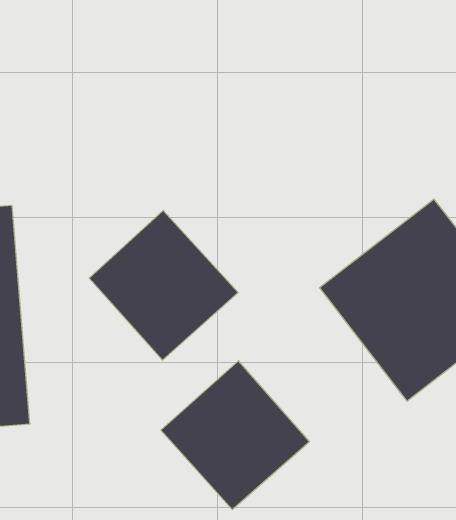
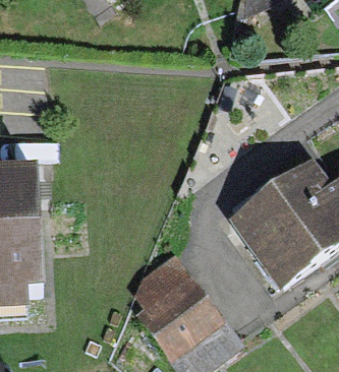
building: [89,210,238,360] -> none

